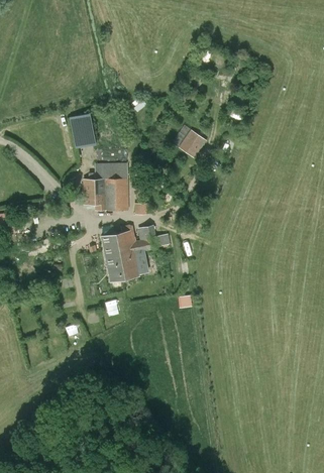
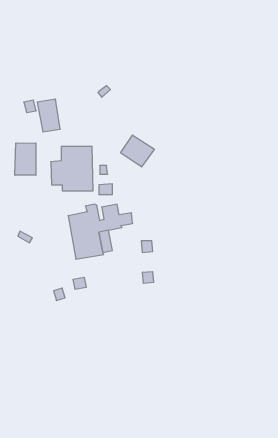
building: [172,125,207,158] -> [121,135,154,167]
building: none -> [15,143,36,175]

